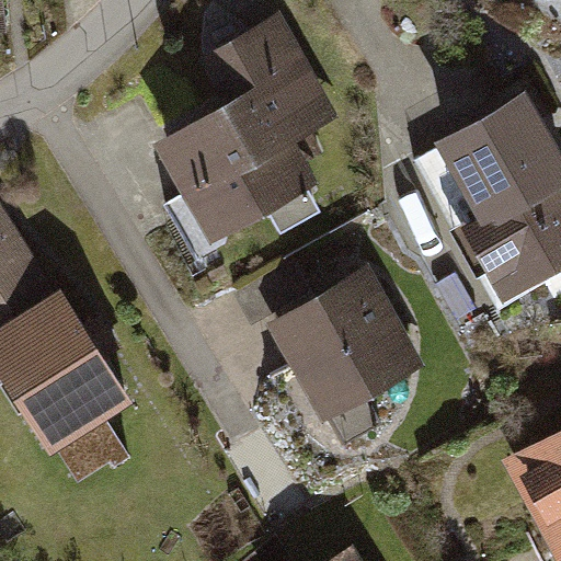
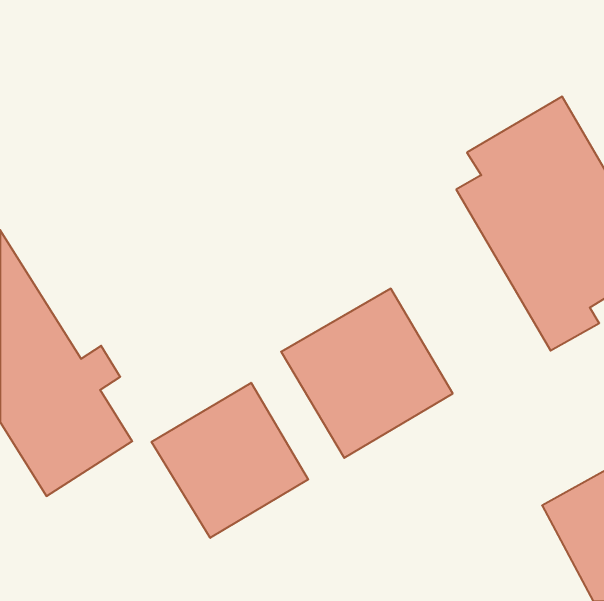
building: [153,14,340,248] -> none
building: none -> [152,383,308,538]

